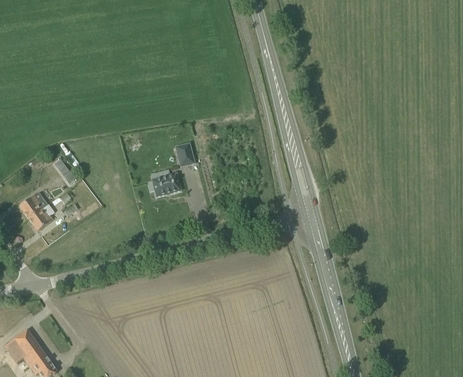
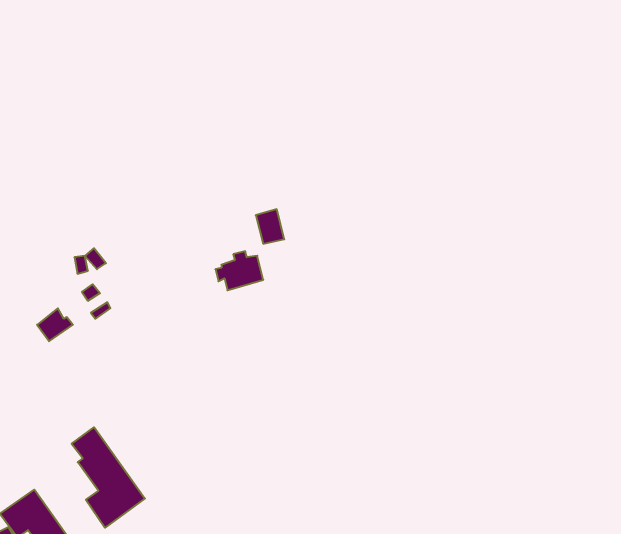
building: [18,194,46,219] -> none
building: none -> [72,427,145,528]

